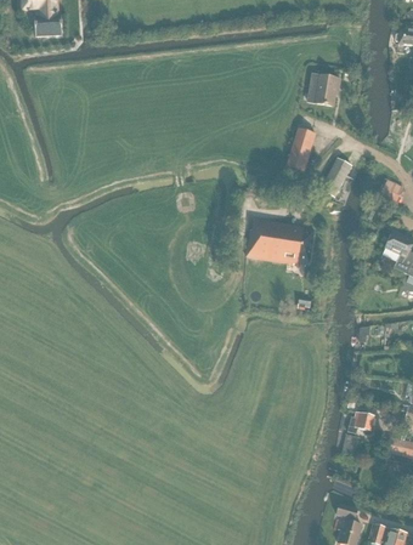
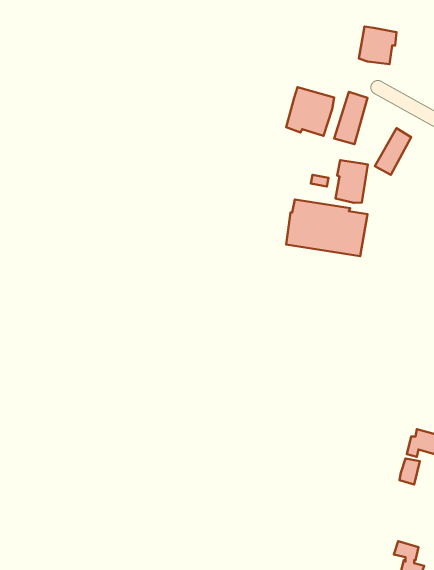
building: none -> [286,87,334,136]
building: none -> [335,160,368,203]

